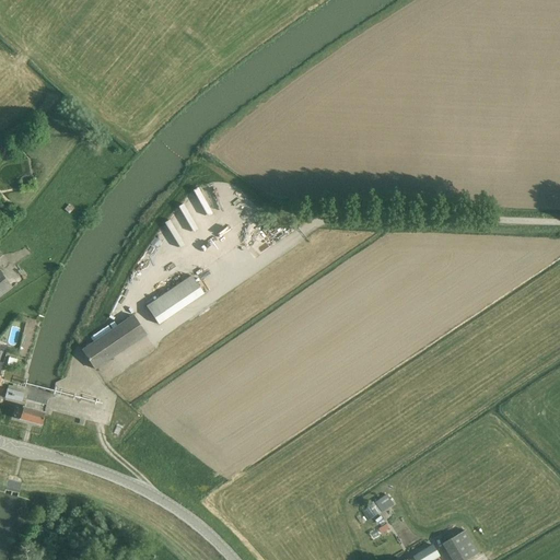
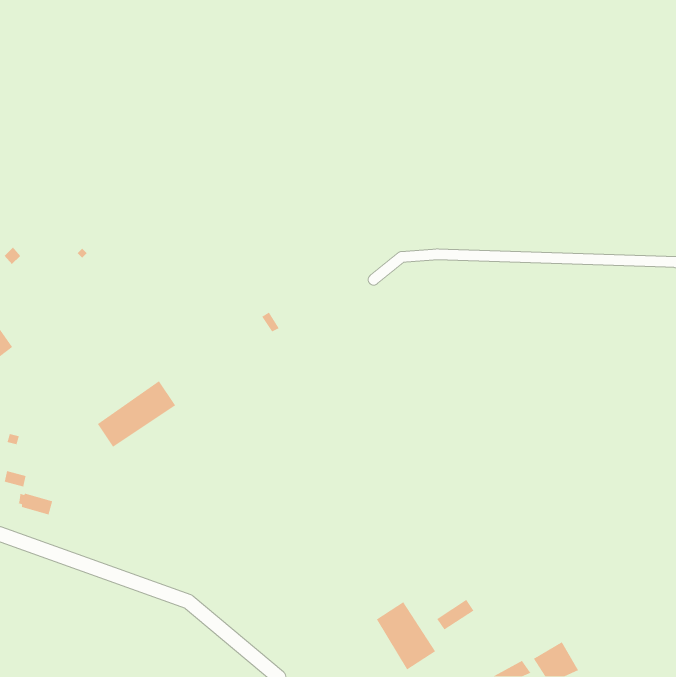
building: [145,277,203,326] -> none
building: none -> [376,601,436,670]

